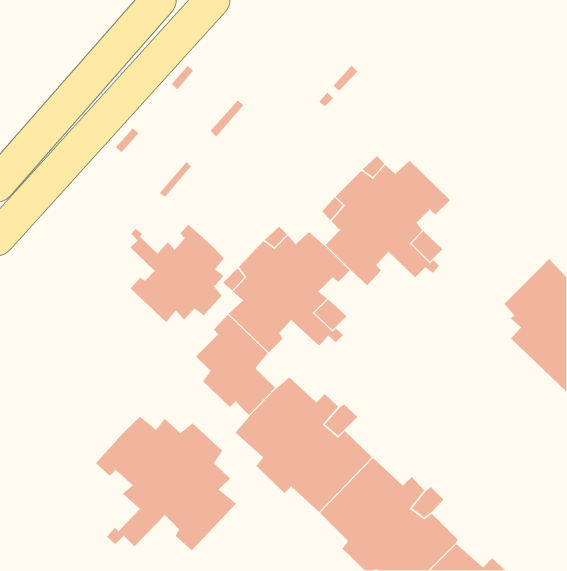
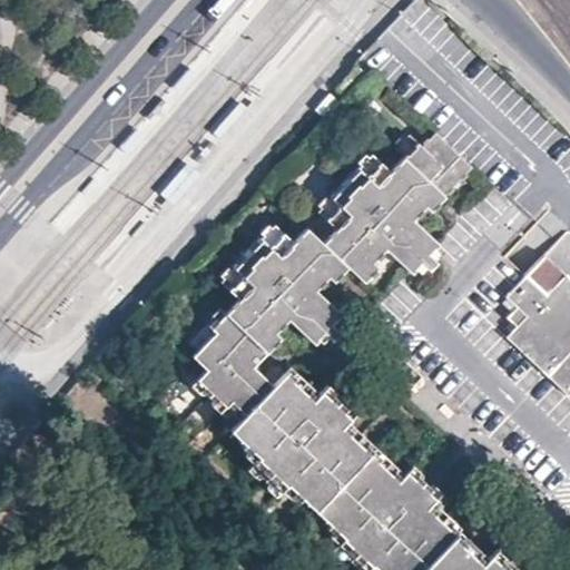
building: none -> [400,136,476,199]
building: [130,224,225,323] -> none
building: [95,416,237,551] -> none

